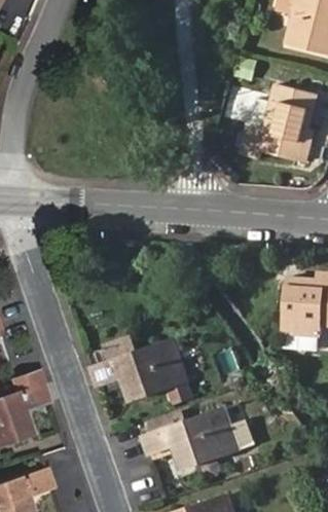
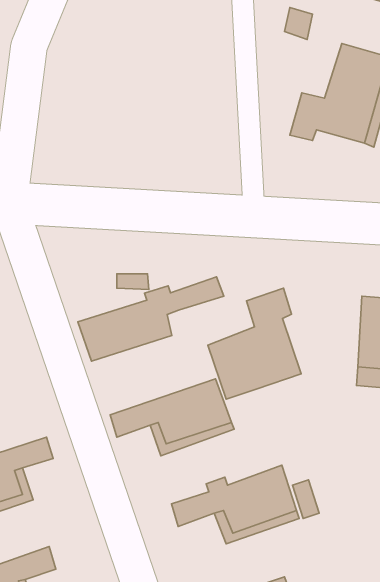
building: none -> [78,277,224,361]
building: none -> [208,288,301,399]

